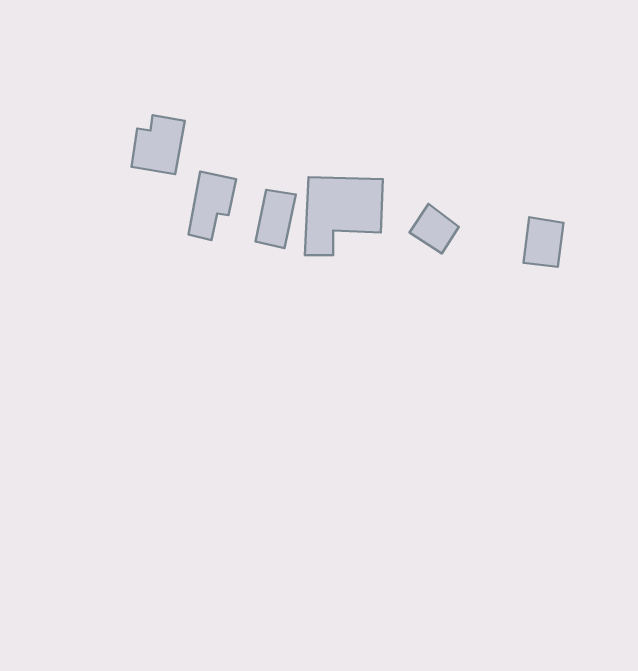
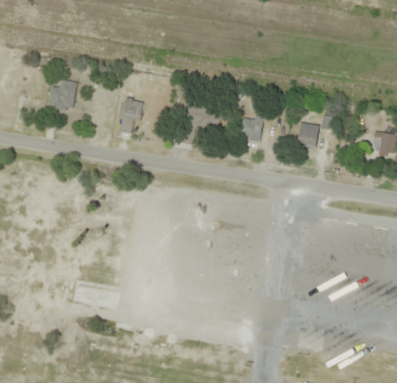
building: [131,115,185,174] -> [49,78,77,110]
building: [256,190,296,248] -> none

